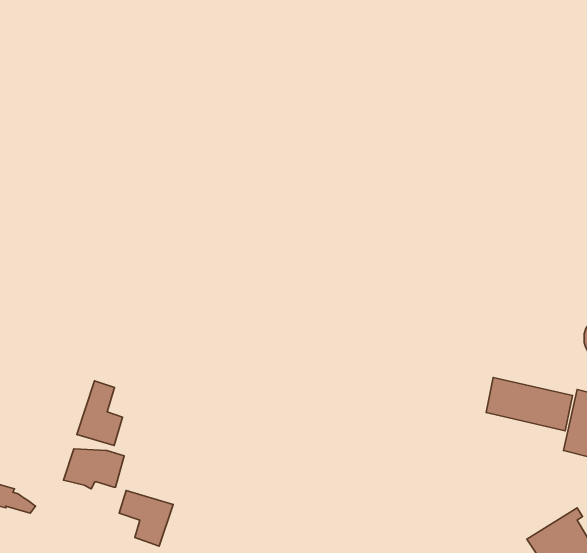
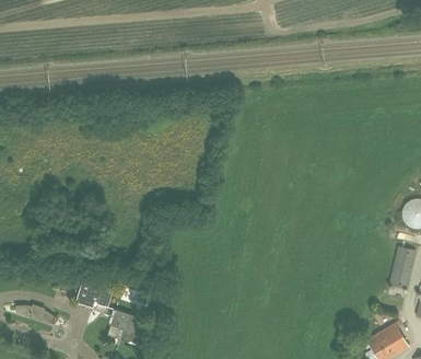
building: [486,378,572,431] -> none
building: [77,381,122,446] -> none

